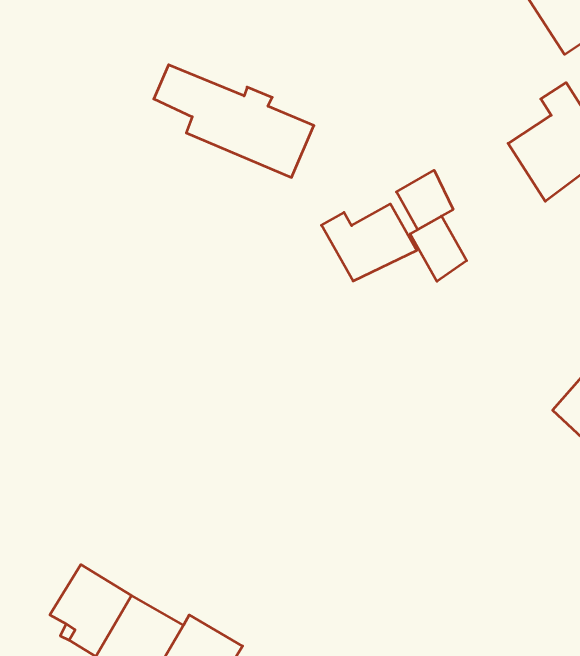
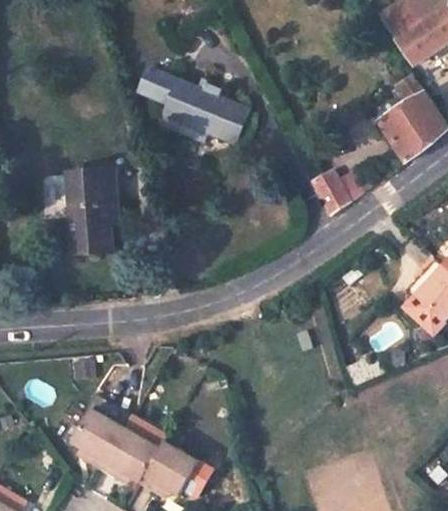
building: [396,170,453,230] -> none
building: [321,204,417,281] -> none
building: none -> [68,168,127,252]

